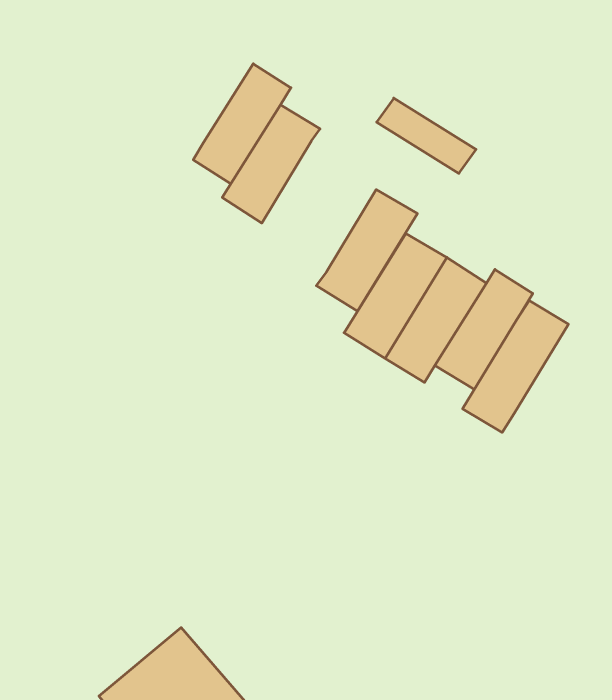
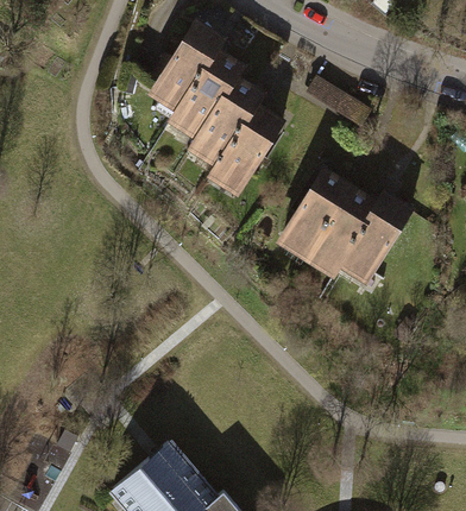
building: none -> [151,21,223,107]
building: [316,190,417,311] -> [215,106,285,190]
building: [463,300,568,432] -> none

